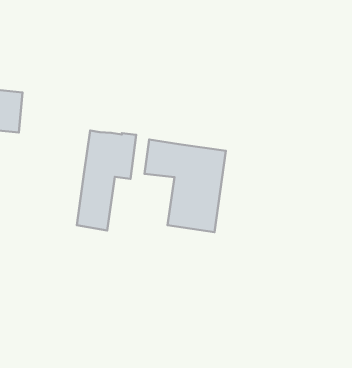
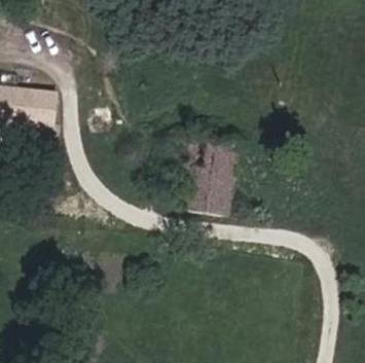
building: [77,131,136,230] -> none

